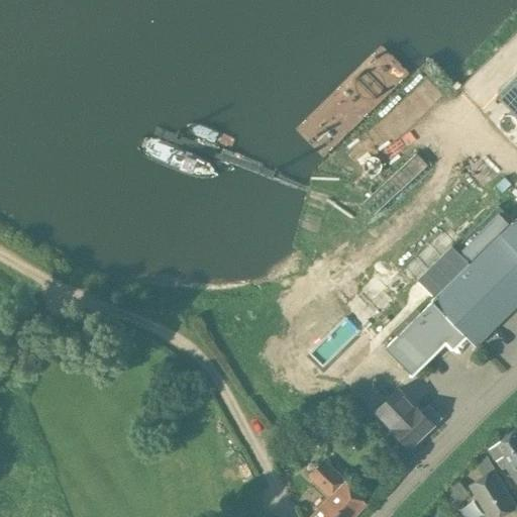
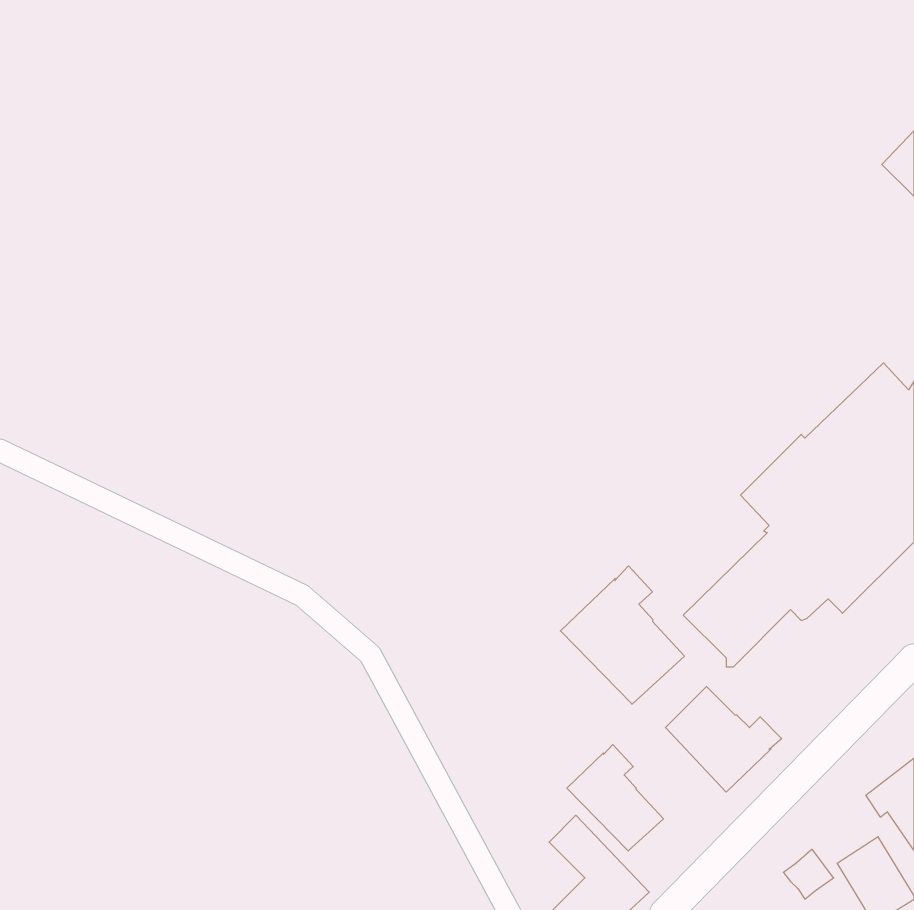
building: none -> [560,566,684,704]
building: none -> [567,745,663,851]

